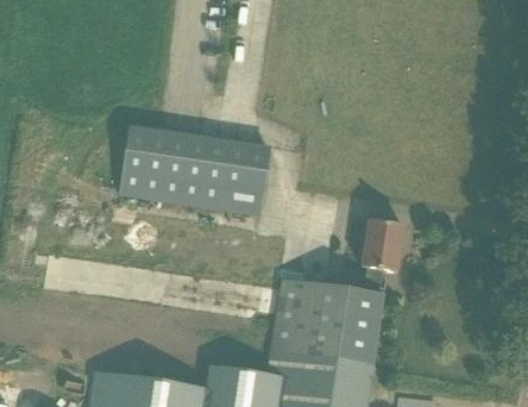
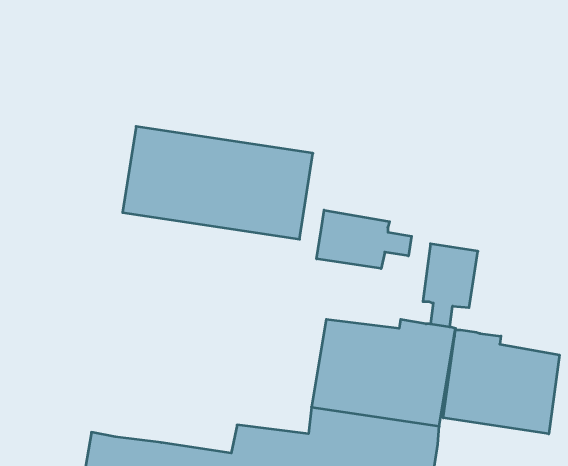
building: none -> [317,210,412,269]
building: none -> [443,330,559,434]

